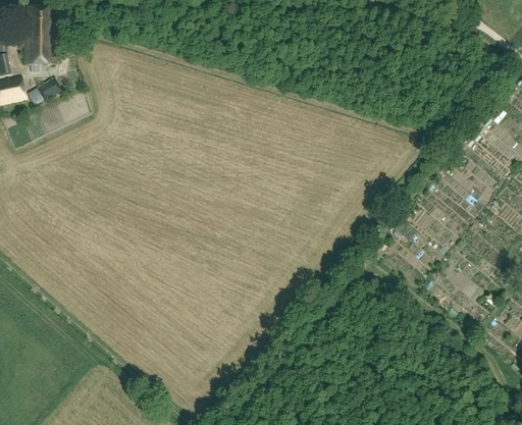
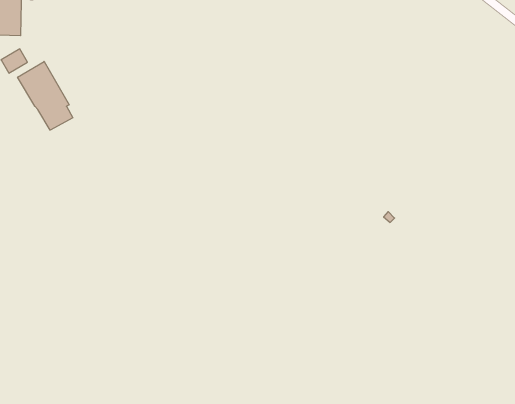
building: none -> [18,61,73,130]

